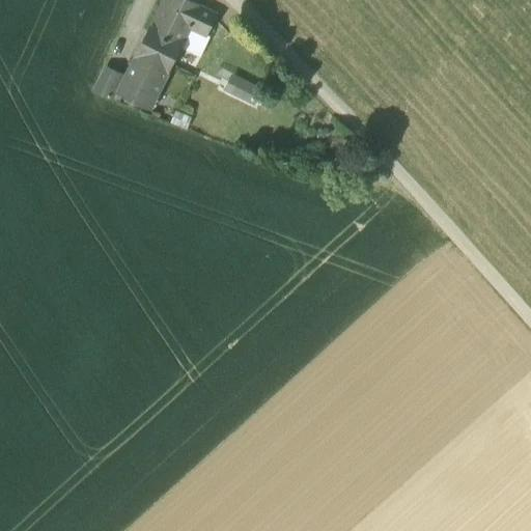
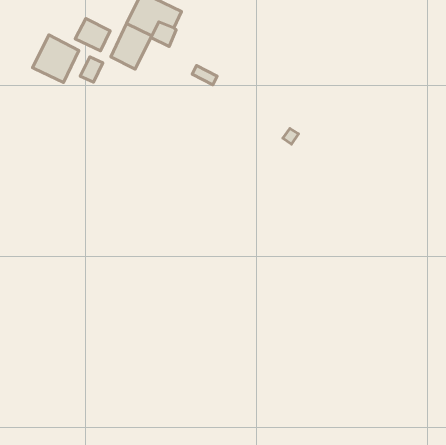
building: none -> [32,35,79,82]
building: [119,67,161,106] -> [75,19,110,51]

